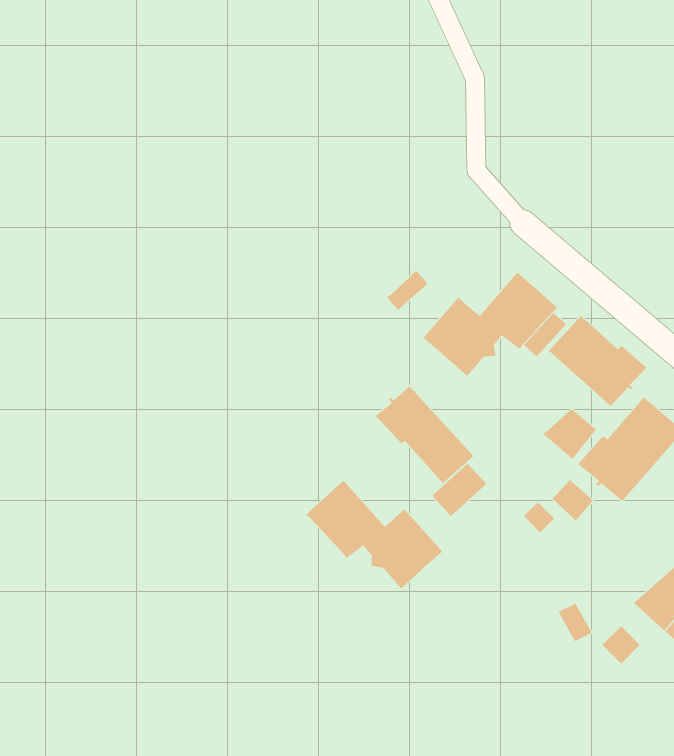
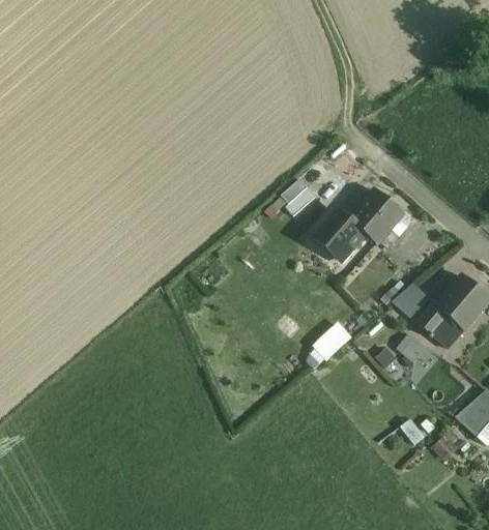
building: [548,315,647,407] -> none
building: [375,385,474,484] -> none
building: [306,480,443,589] -> none

